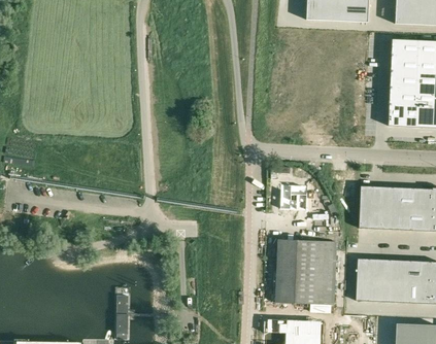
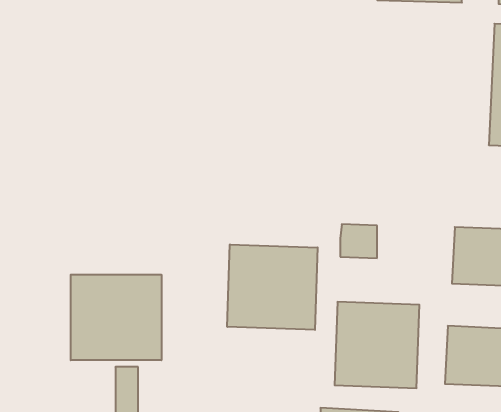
building: none -> [227,244,318,330]
building: none -> [71,275,161,360]

